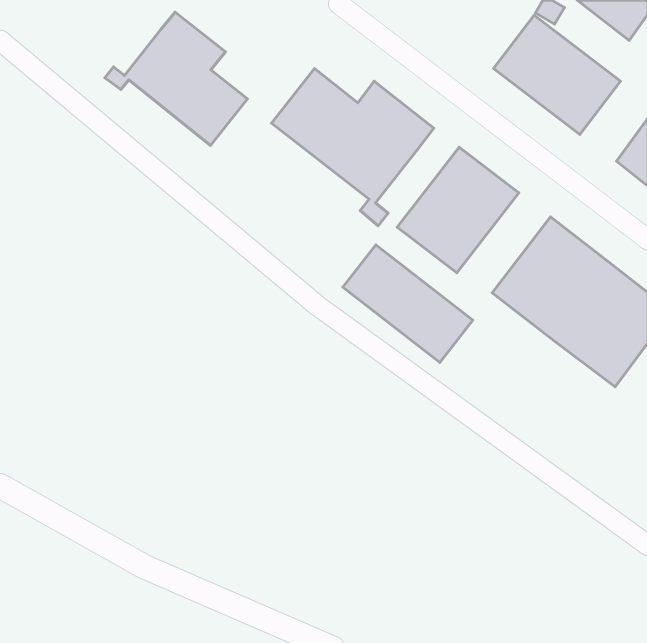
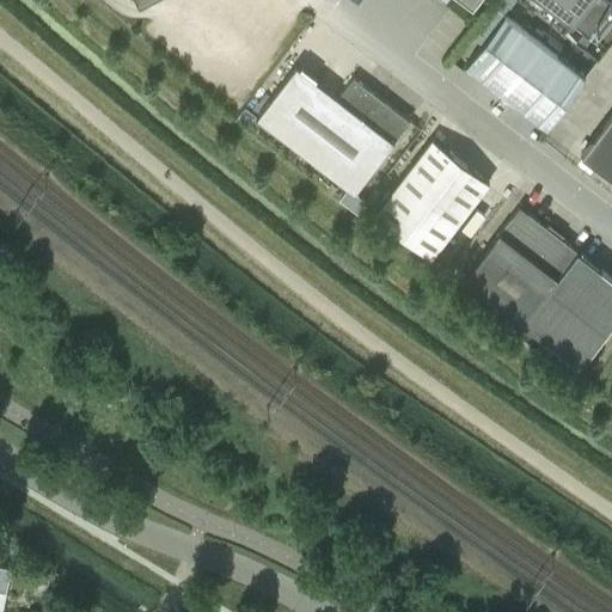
building: [105,12,247,146] -> none
building: [343,245,473,363] -> none

